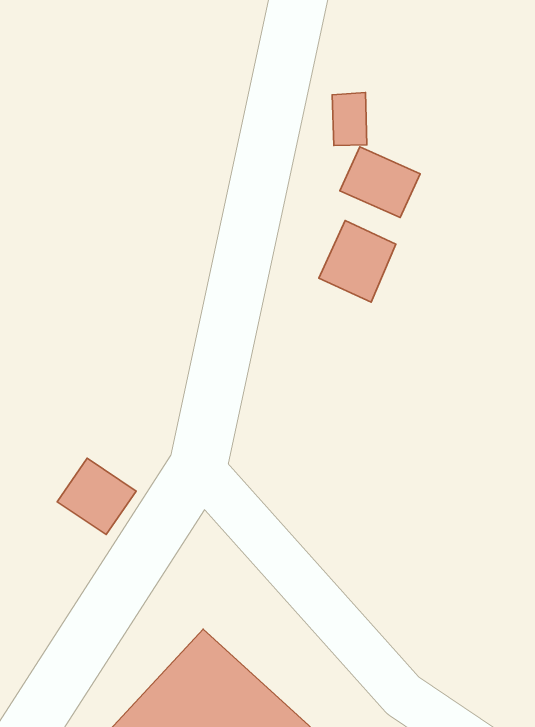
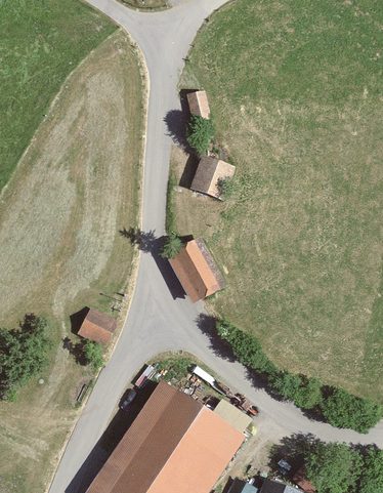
building: [340,147,420,218] -> none
building: none -> [171,241,222,302]

